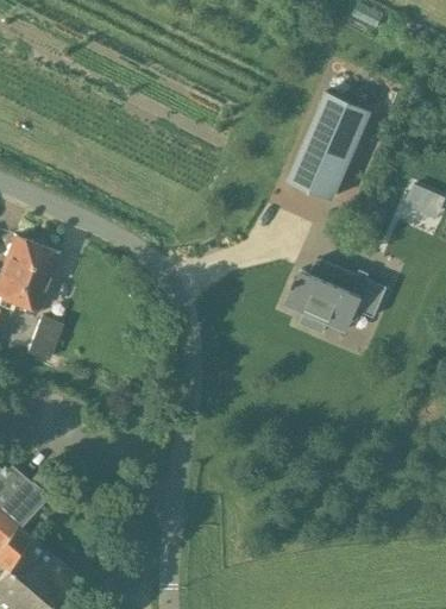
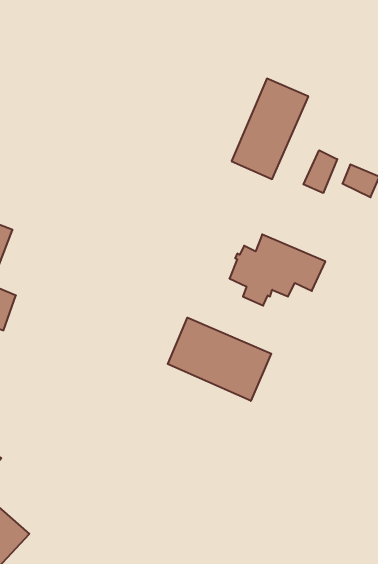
building: none -> [303,150,337,193]
building: none -> [168,318,271,401]

